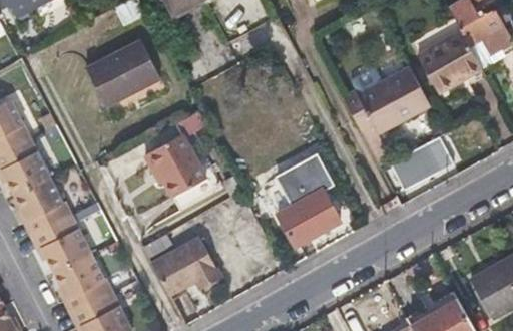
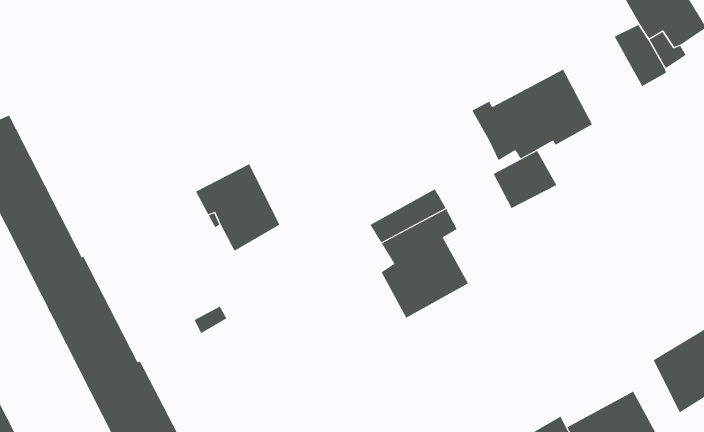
building: [85,39,158,107] -> none
building: [421,44,465,92] -> none
building: [394,146,440,189] -> [493,150,557,209]
building: [149,238,221,297] -> none

